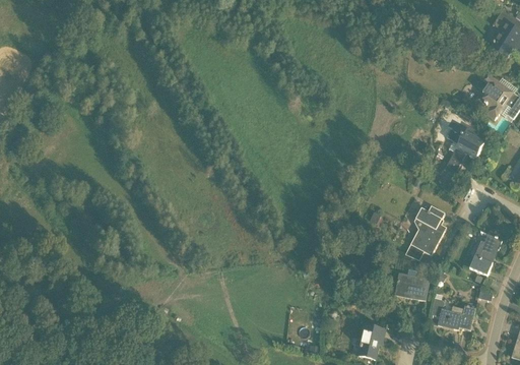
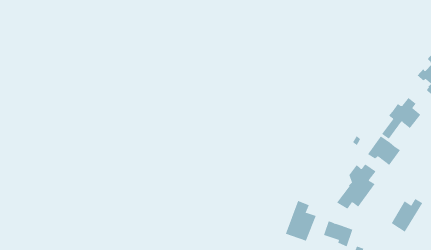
building: none -> [367,135,401,166]
building: none -> [285,200,316,241]

